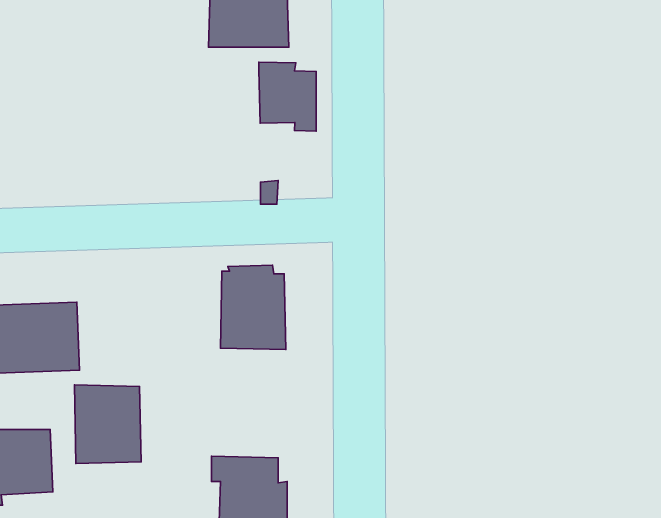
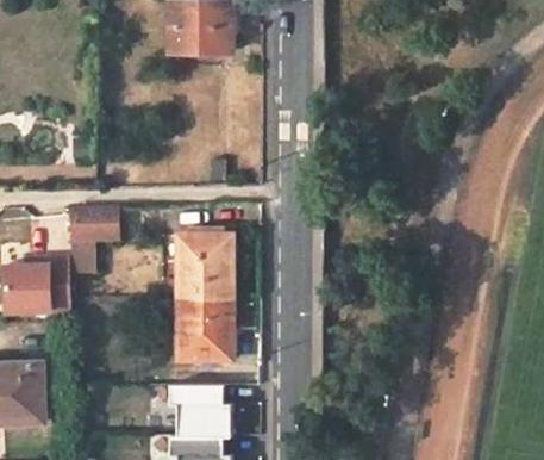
building: [259,62,316,131] -> none
building: none -> [71,209,117,242]
building: [74,385,141,463] -> [179,296,232,359]

